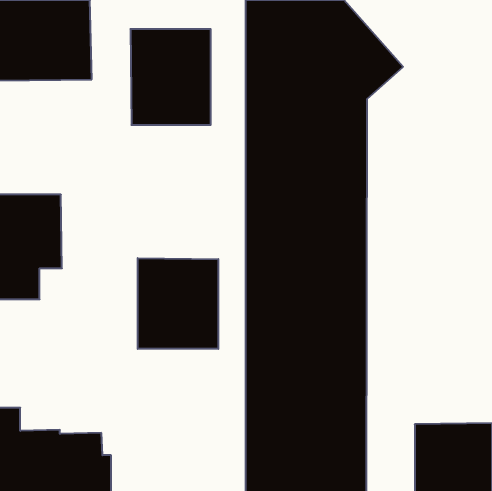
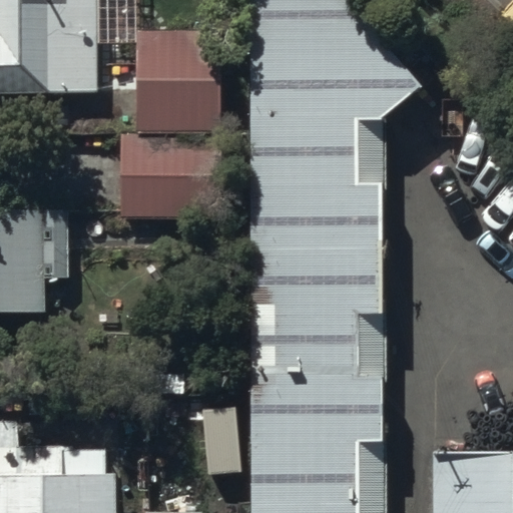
building: none -> [119,140,218,222]
building: [138,258,218,349] -> none

